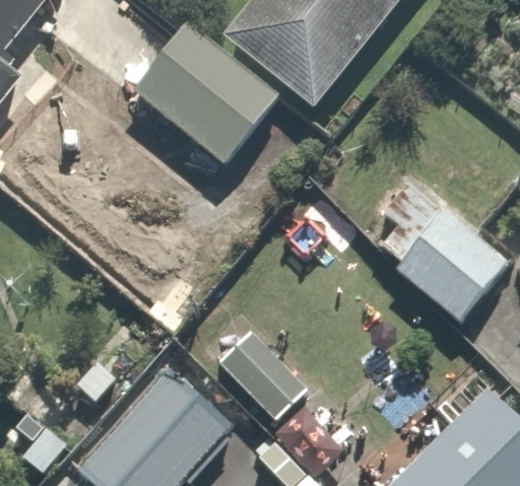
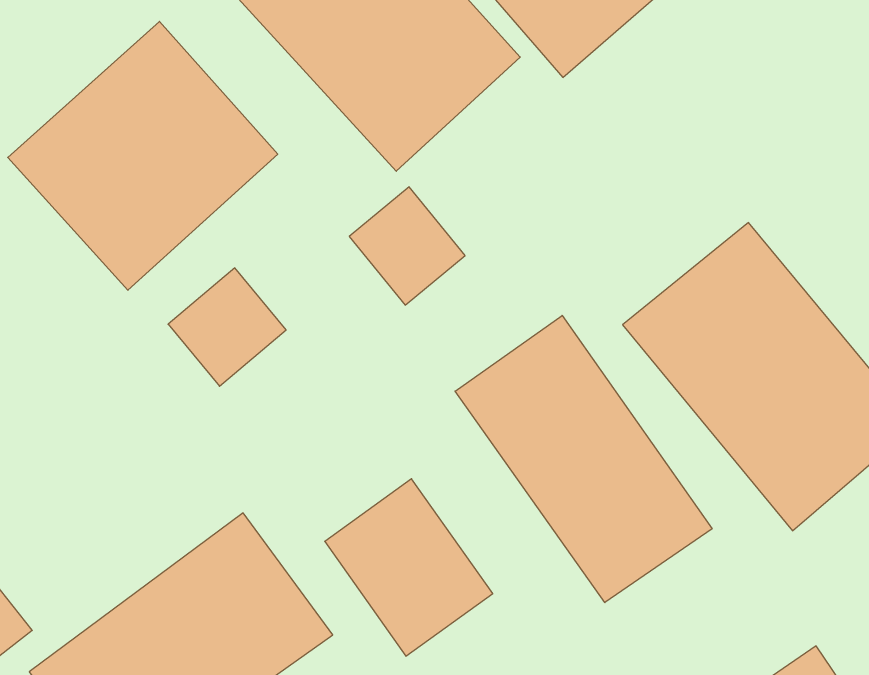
building: none -> [8,21,278,290]
building: none -> [455,315,712,603]

